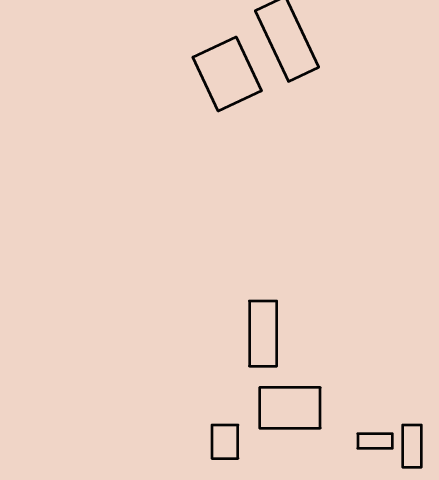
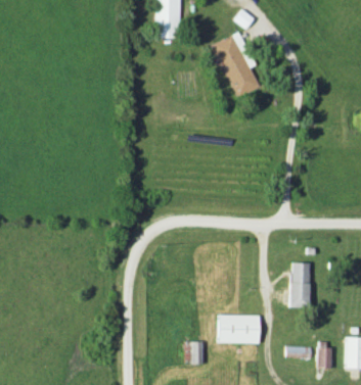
building: [193,37,261,111] -> none
building: [249,301,277,366] -> [290,262,310,308]

